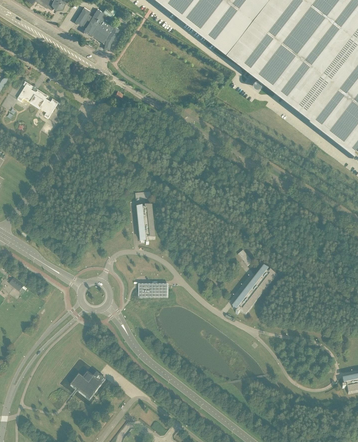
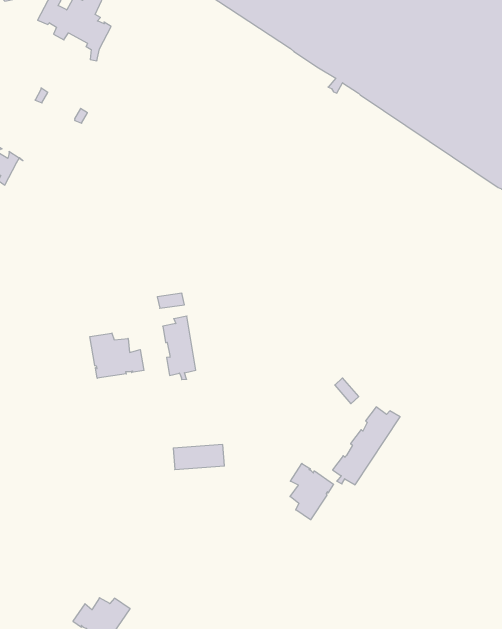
building: none -> [90,333,144,378]
building: none -> [290,463,334,520]

